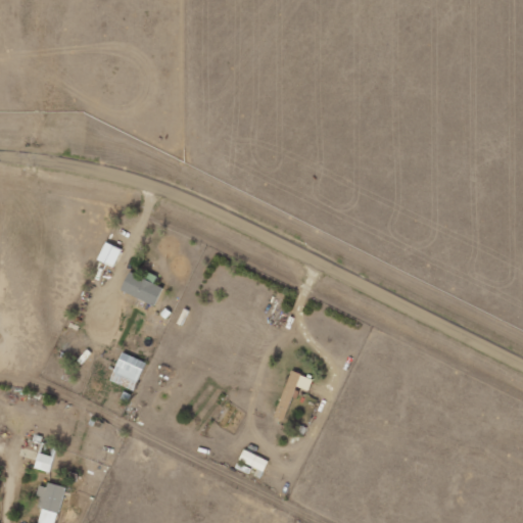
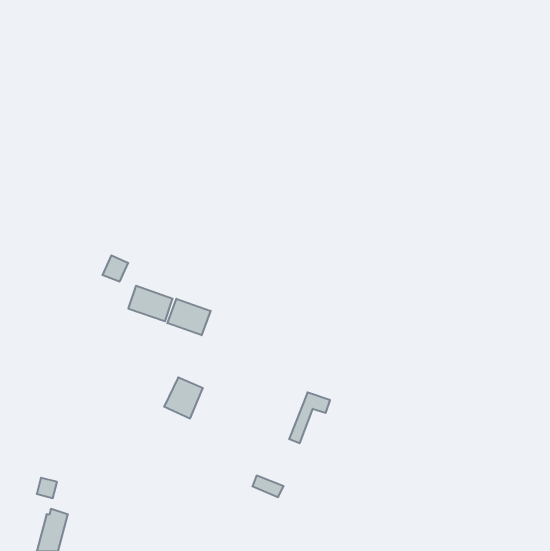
building: none -> [167,299,211,335]
building: [109,352,146,391] -> [164,377,203,418]

